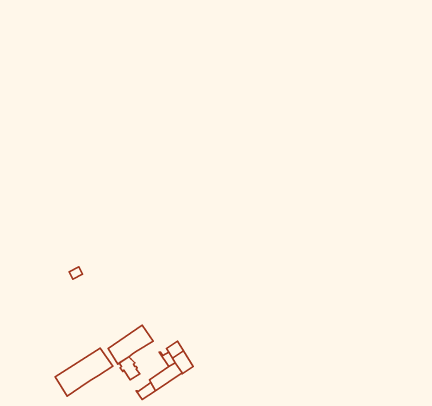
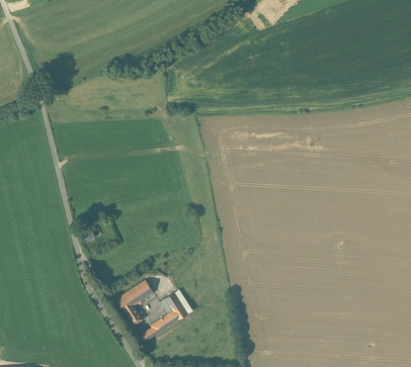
building: [55,348,113,396] -> none

